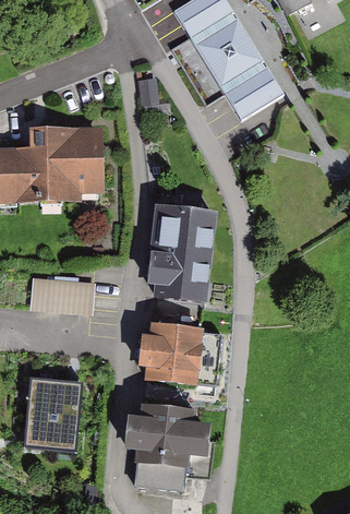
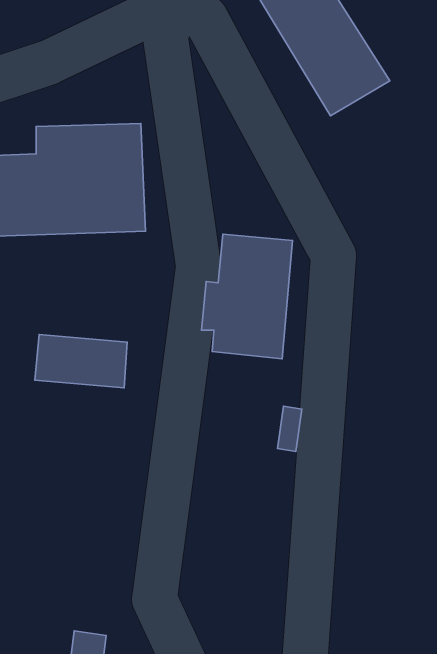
building: [135,320,204,386] -> none
building: [22,376,84,445] -> none
building: [128,403,207,492] -> none

